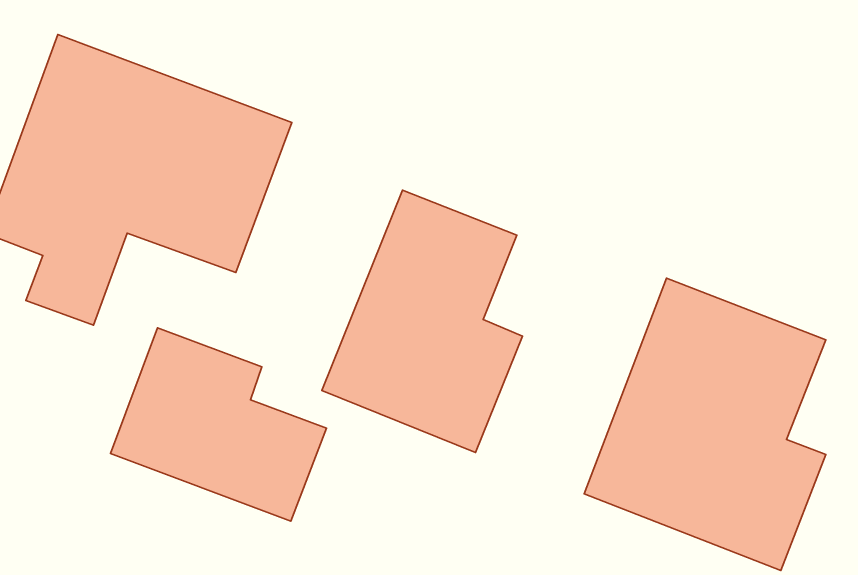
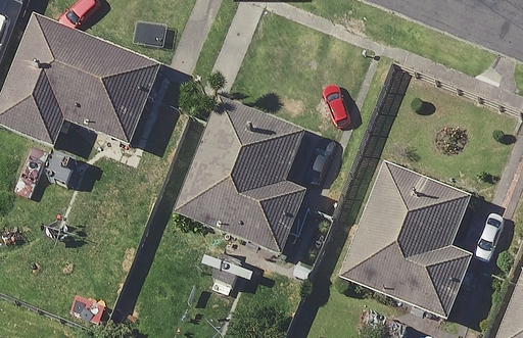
building: [110,328,326,521] -> none

